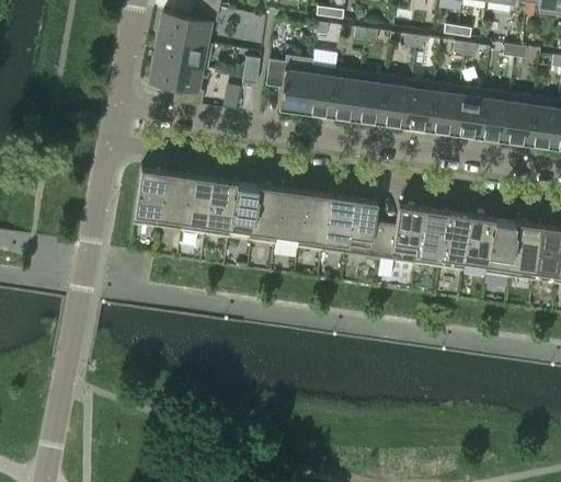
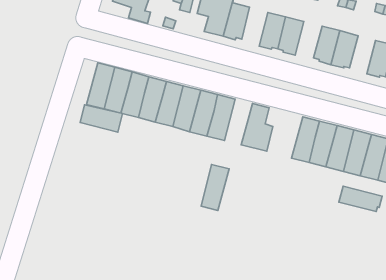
building: [331,70,362,121] -> none
building: [404,81,436,129] -> none
building: [479,92,510,141] -> none
building: [323,195,355,255] -> [201,164,229,210]
building: [381,205,424,265] -> none
building: none -> [80,105,123,132]
building: none -> [339,186,382,212]

